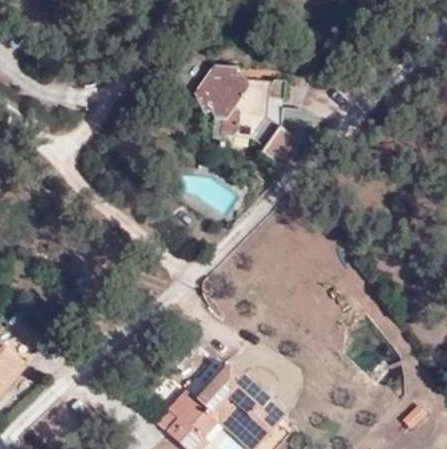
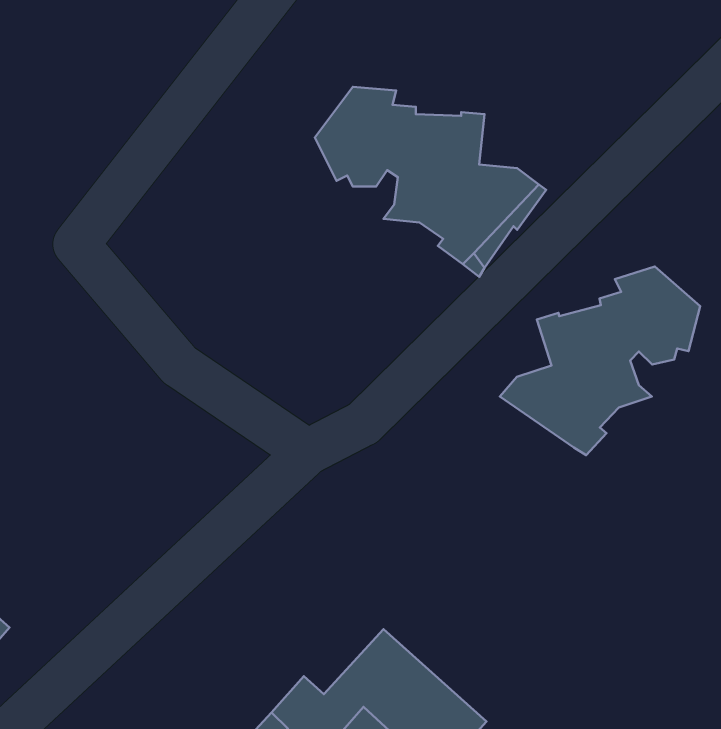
building: none -> [500,267,700,455]

